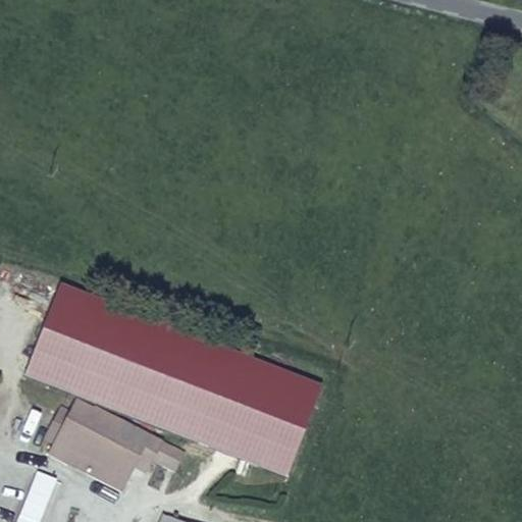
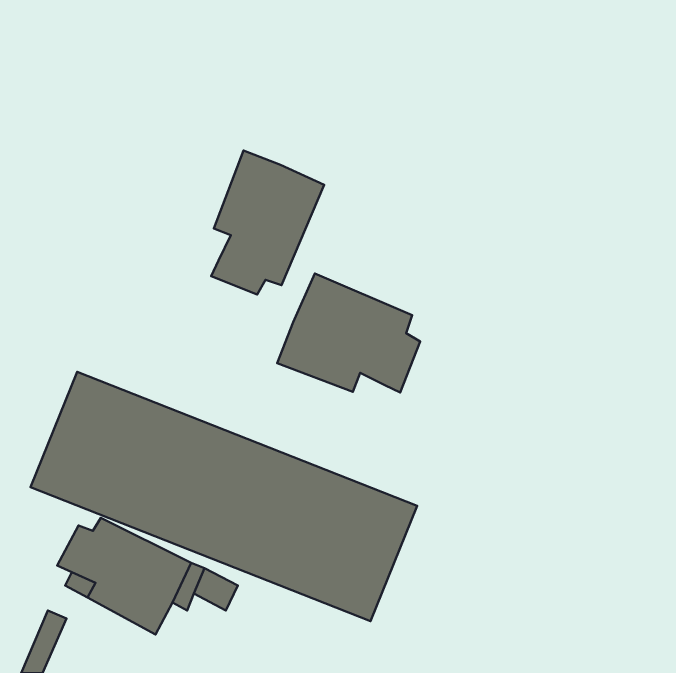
building: none -> [211,151,324,294]
building: none -> [277,273,420,392]

